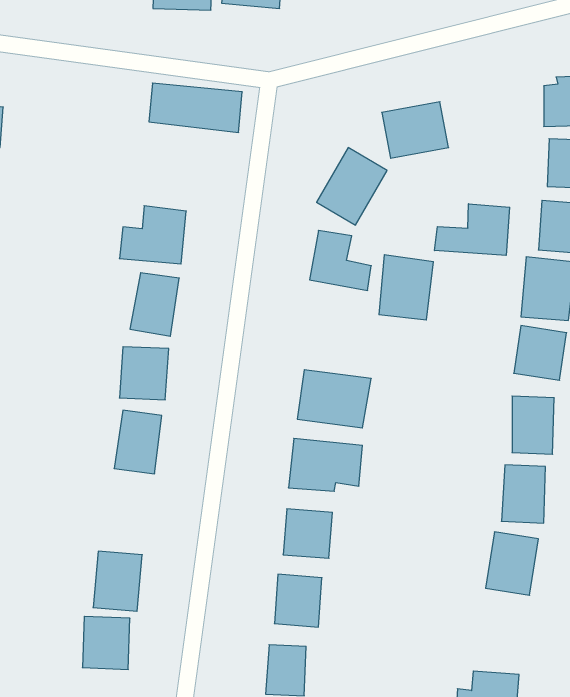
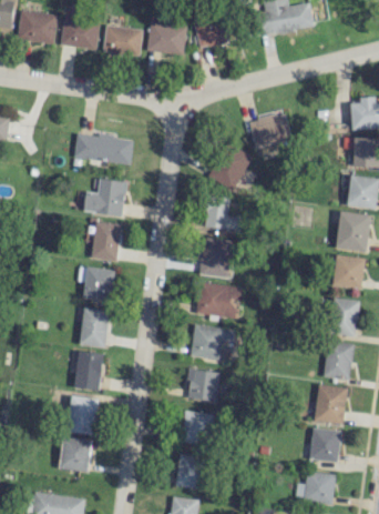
building: [149,83,242,132] -> [74,133,133,164]
building: [435,204,510,255] -> none
building: [379,255,433,320] -> [198,236,233,278]
building: none -> [74,351,102,390]
building: none -> [309,429,340,462]

